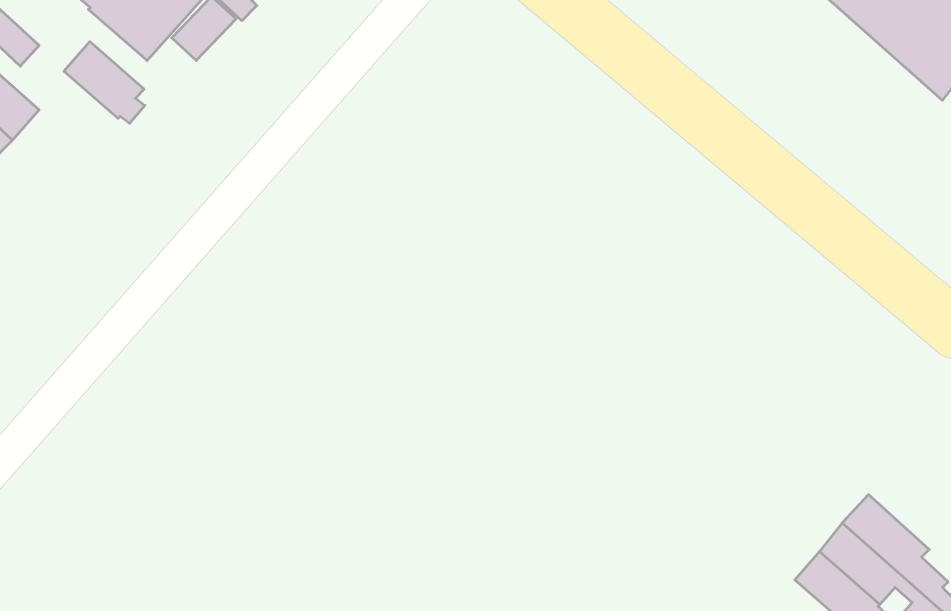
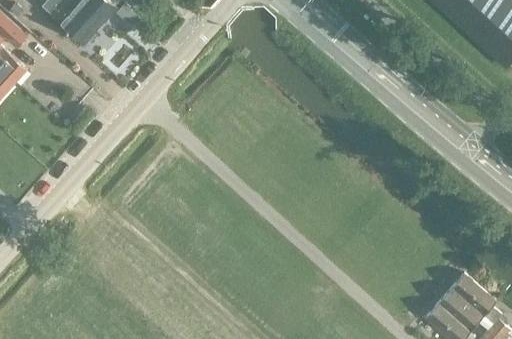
building: [64,42,145,123] -> none

